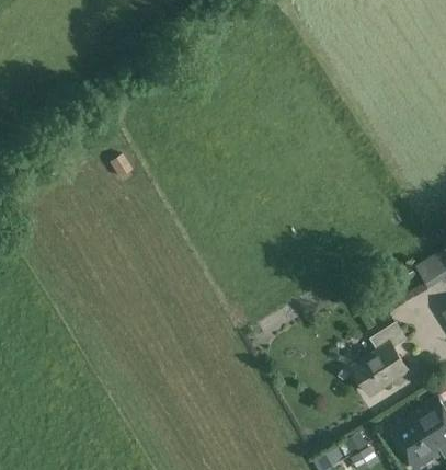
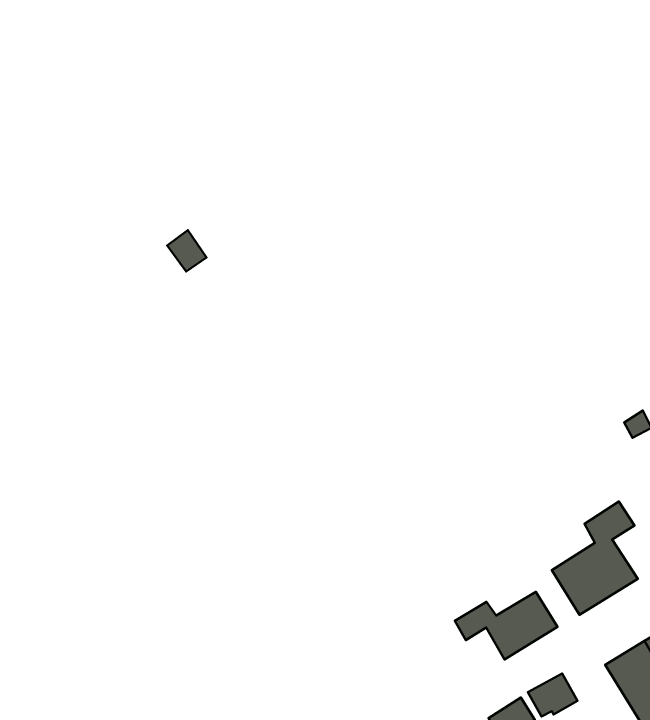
building: none -> [455,592,557,659]

